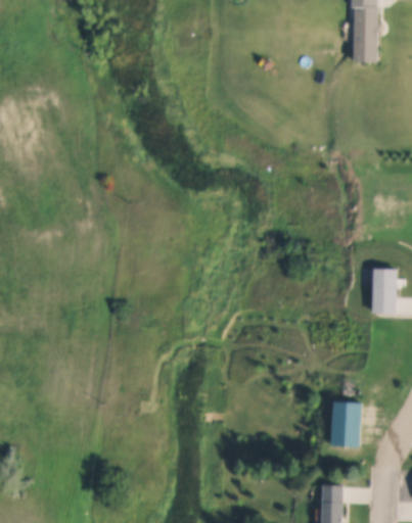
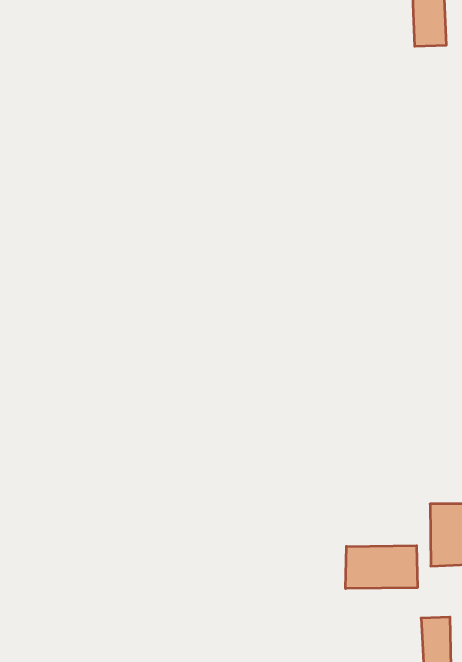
building: none -> [346,546,417,589]

